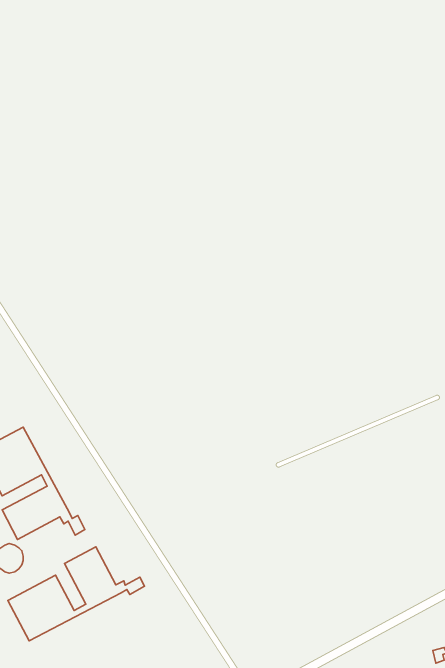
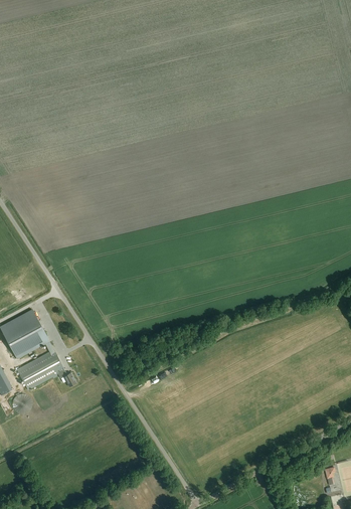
building: [8,547,144,641] -> none

